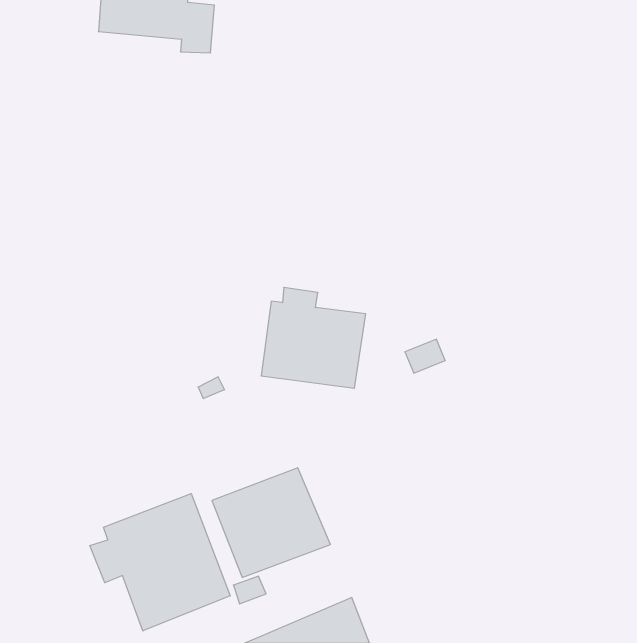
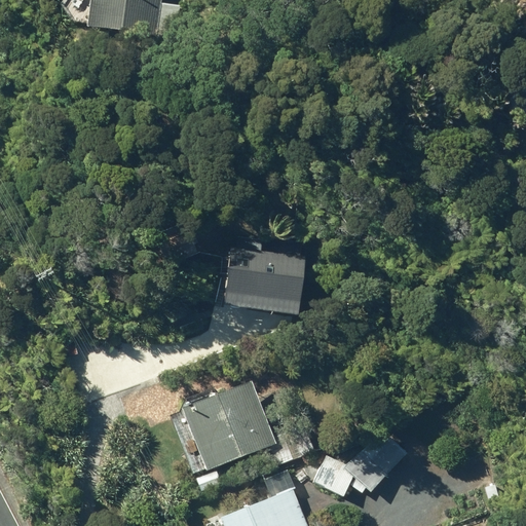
building: [90,494,230,631] -> none
building: none -> [314,436,409,497]

